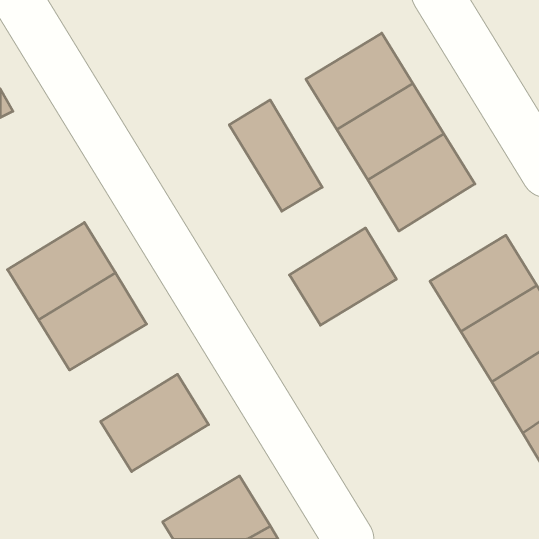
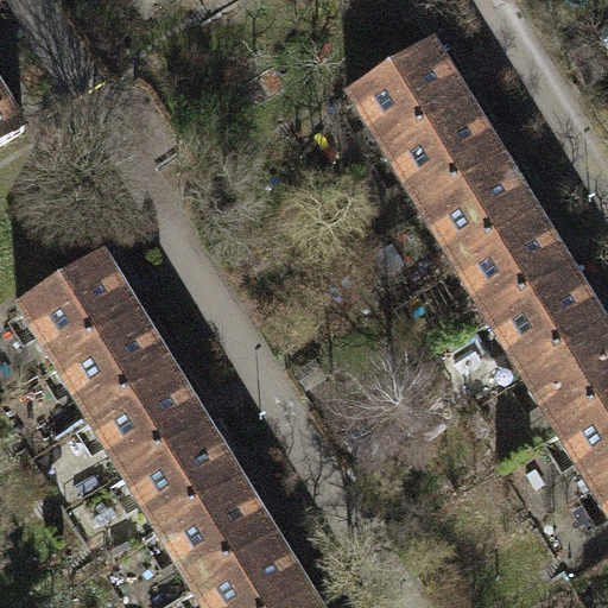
building: [229,100,322,211] -> none
building: [289,228,396,325] -> [451,204,570,312]
building: none -> [86,360,205,468]
building: none -> [154,471,274,580]

